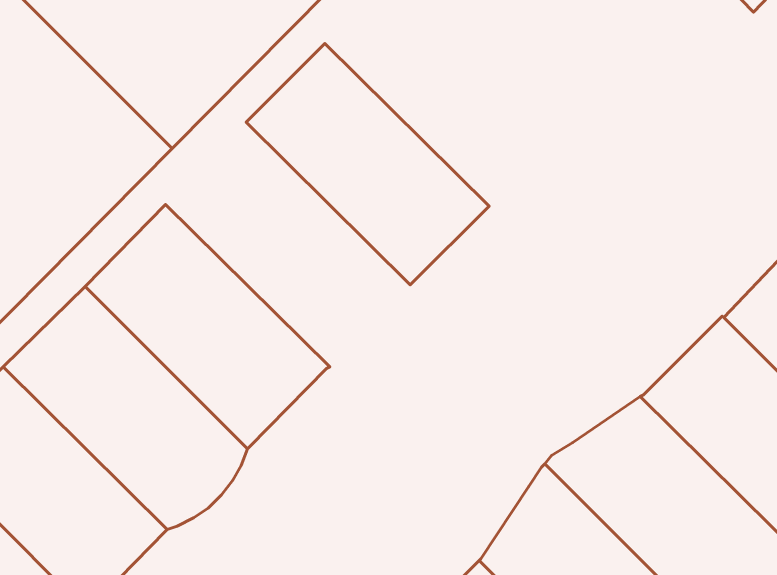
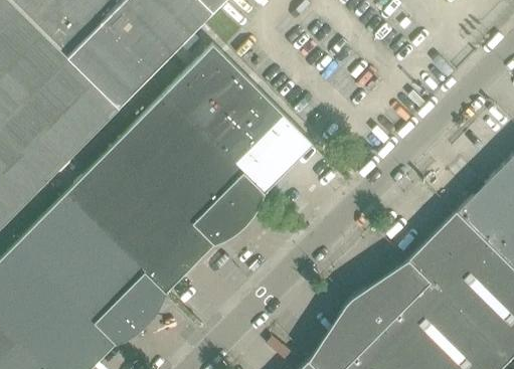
building: none -> [117,91,267,241]

